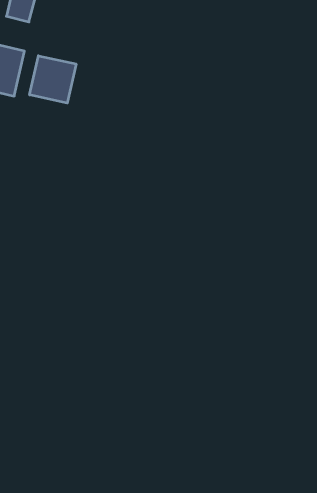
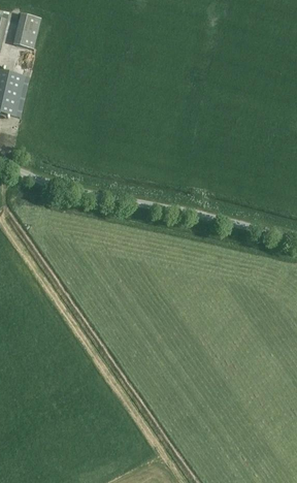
building: [30,56,76,103] -> none

